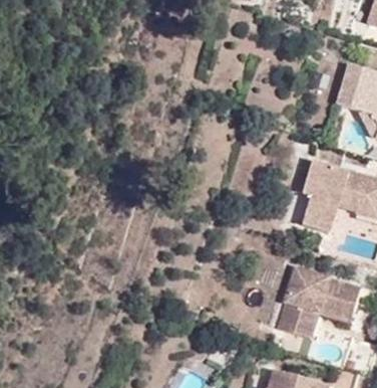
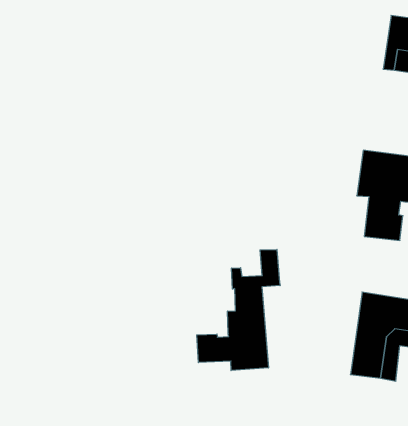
building: none -> [197,249,280,371]

